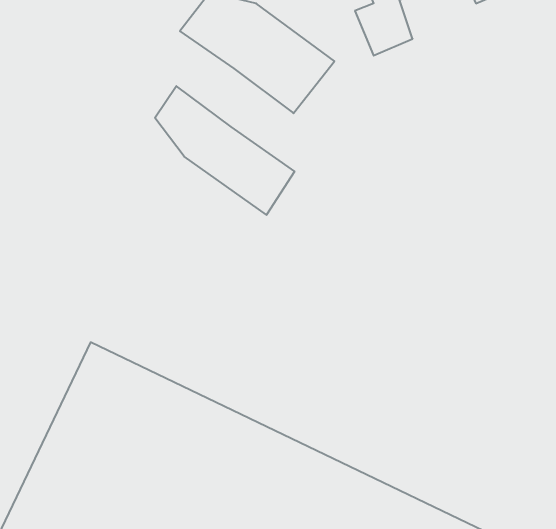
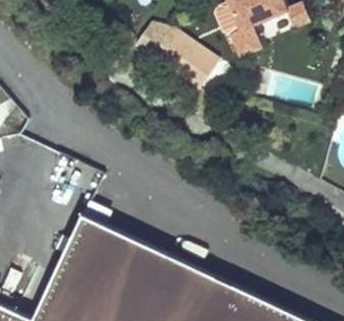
building: [155,86,294,215] -> none

